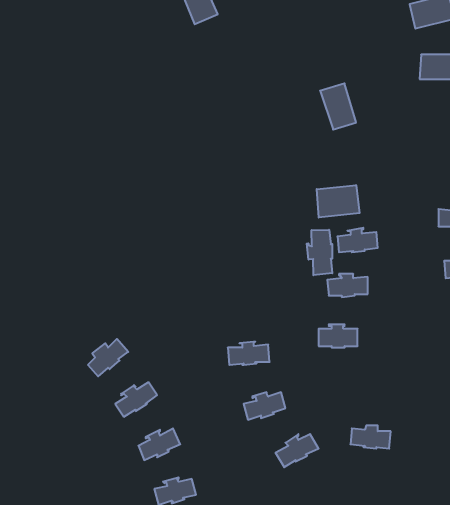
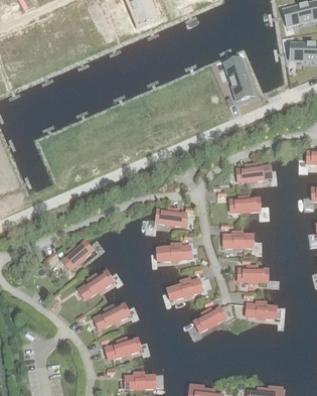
building: [317,185,360,218] -> none
building: [307,230,332,275] -> none
building: none -> [157,208,185,225]
building: none -> [239,266,267,282]

